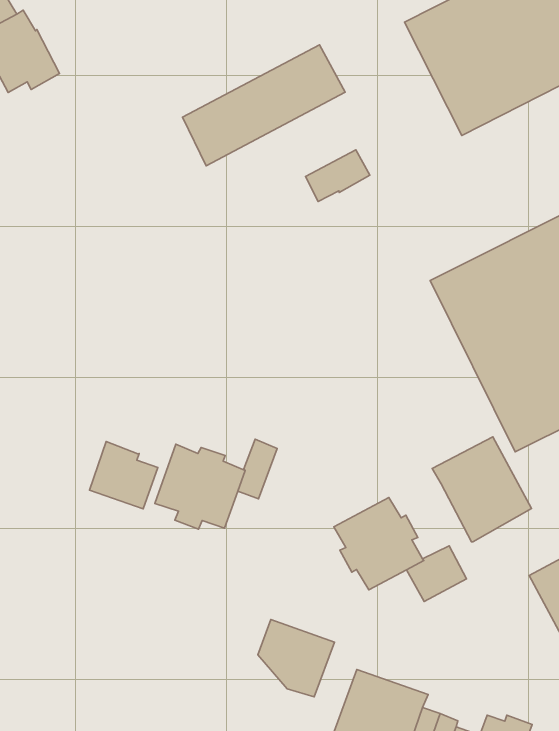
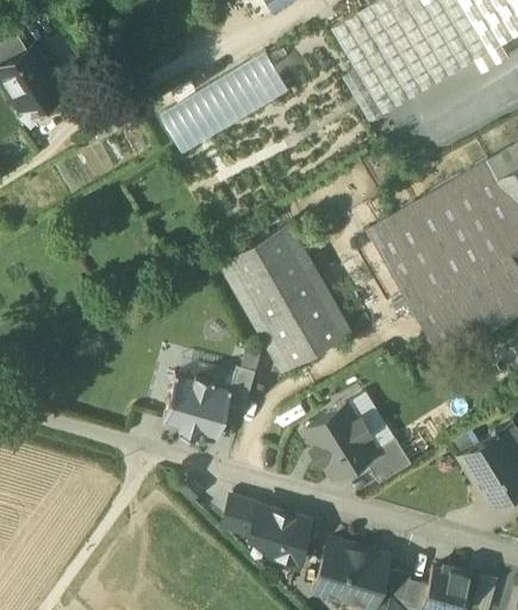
building: [306,150,370,202] -> none
building: none -> [223,225,351,372]
building: [432,437,532,542] -> none
building: [89,442,158,509] -> none
building: none -> [224,497,260,534]

